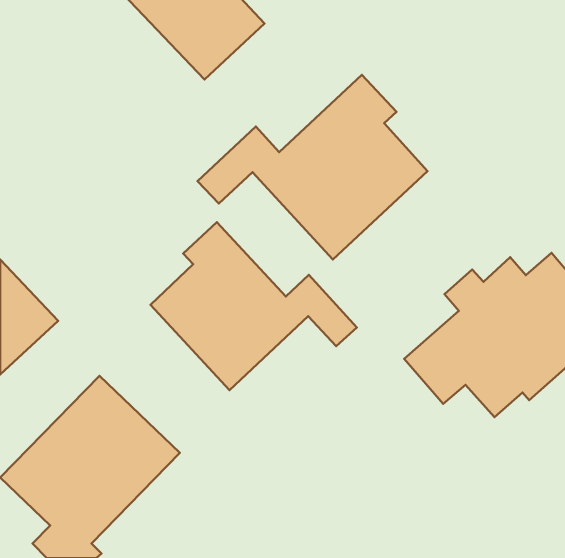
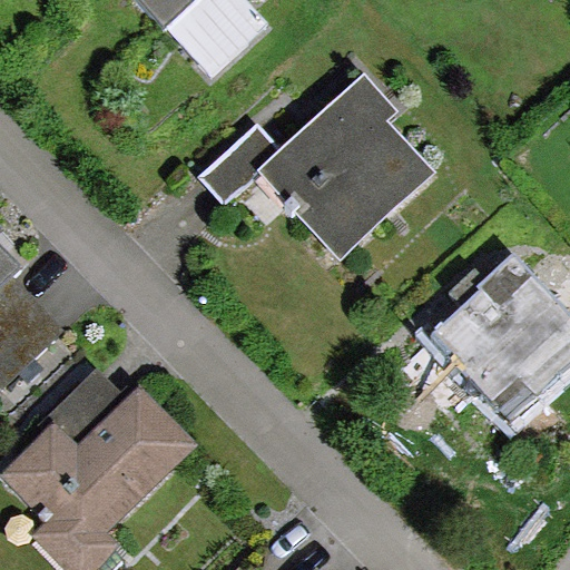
building: [151,222,357,390] -> none

